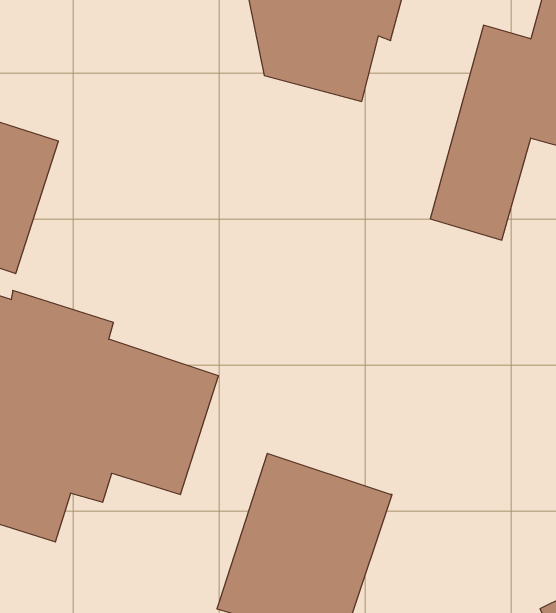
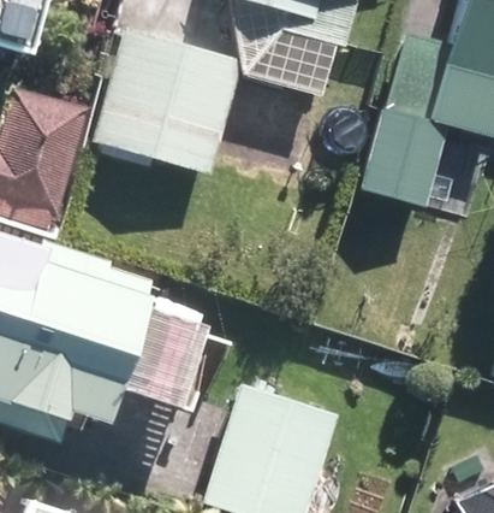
building: none -> [87,33,238,179]

